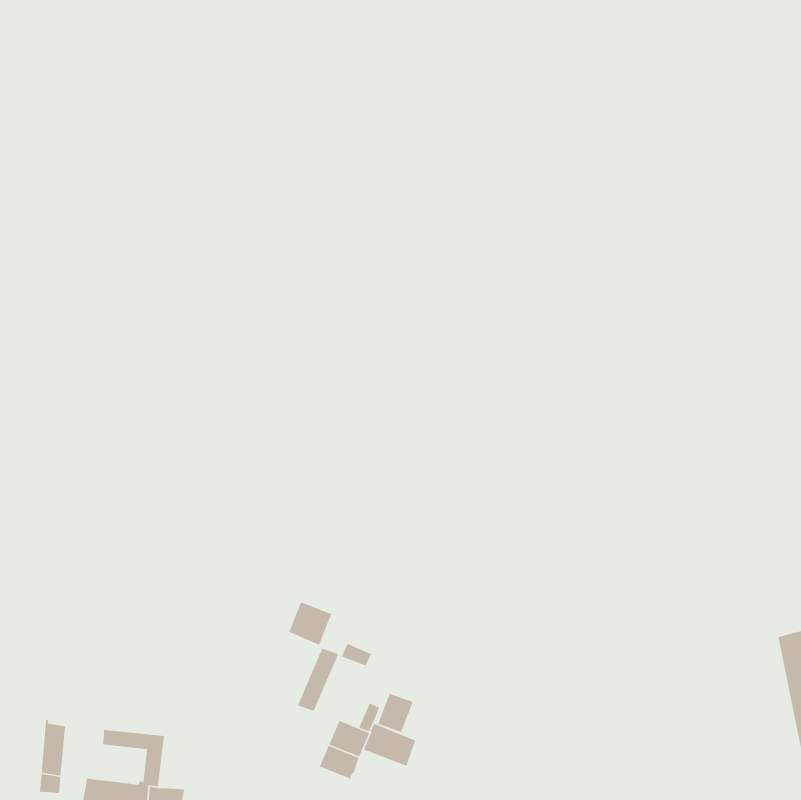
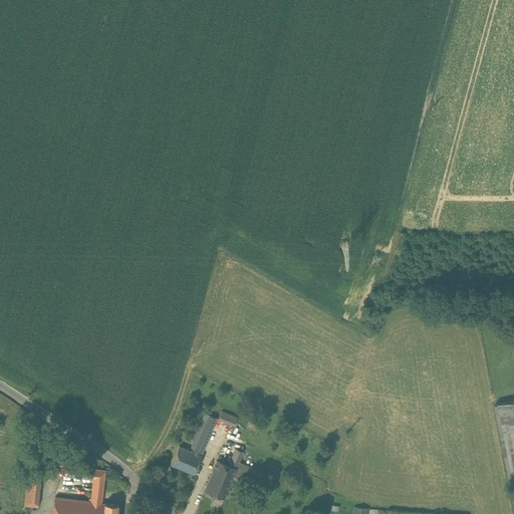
building: [288,600,332,646] -> none
building: [377,693,414,733] -> none
building: none -> [173,448,202,476]

